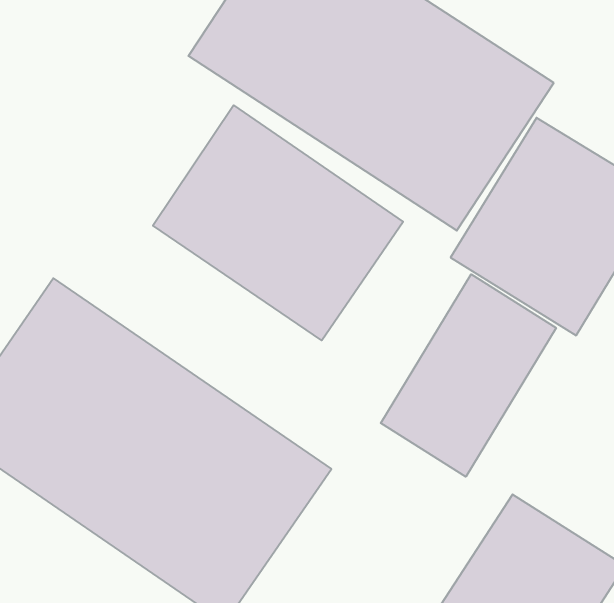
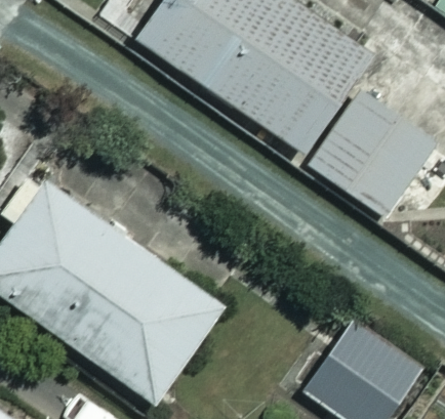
building: [153,105,403,340] -> none
building: [381,274,556,477] -> none

